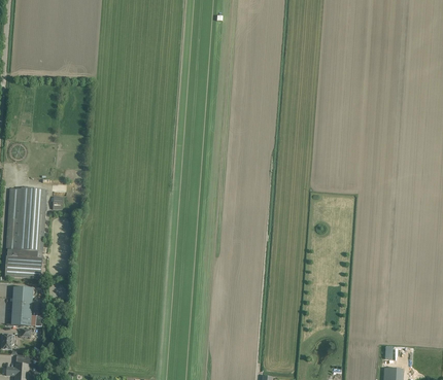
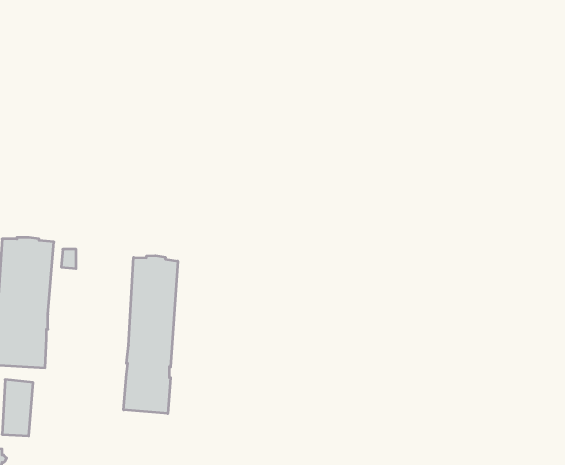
building: none -> [124,256,178,414]

